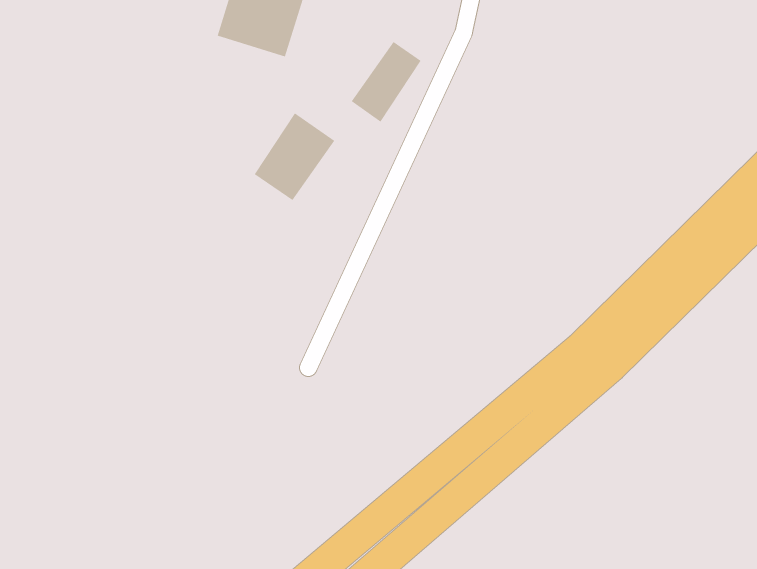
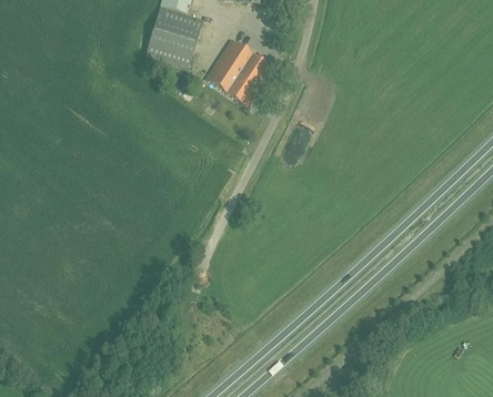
building: [254,112,335,201] -> [203,34,254,90]

